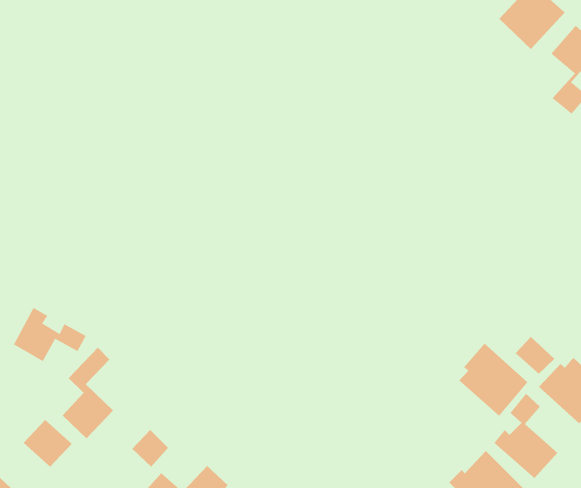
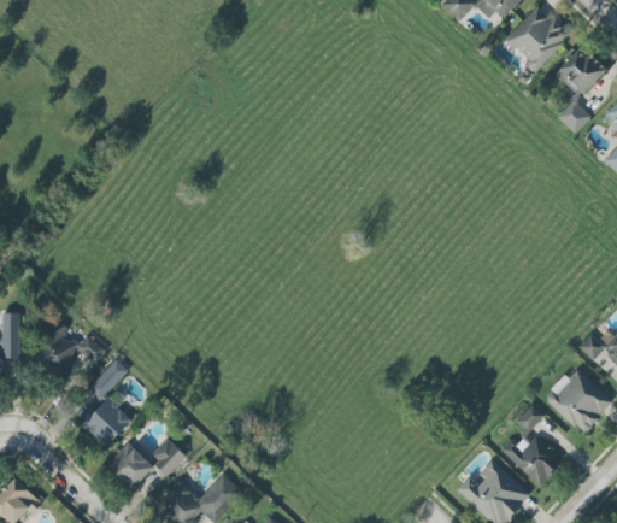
building: [515,336,555,375] -> none
building: [458,343,528,416] -> none
building: [23,419,73,468] -> [106,442,154,489]

